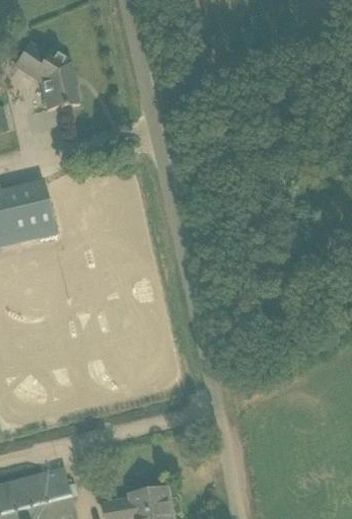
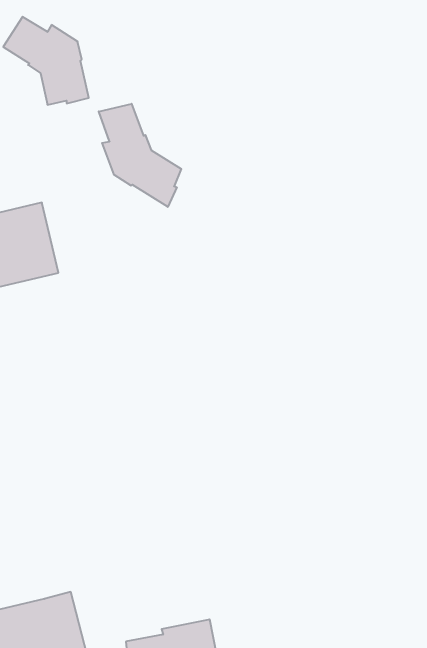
building: none -> [99,104,181,207]

